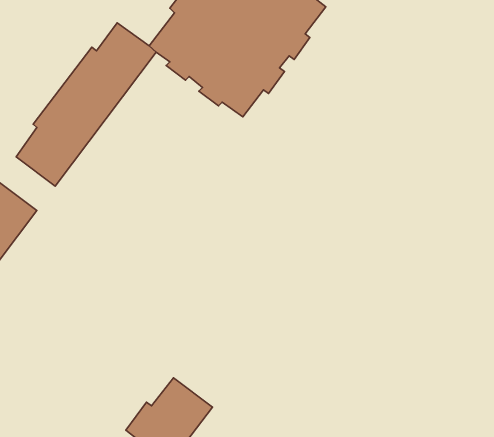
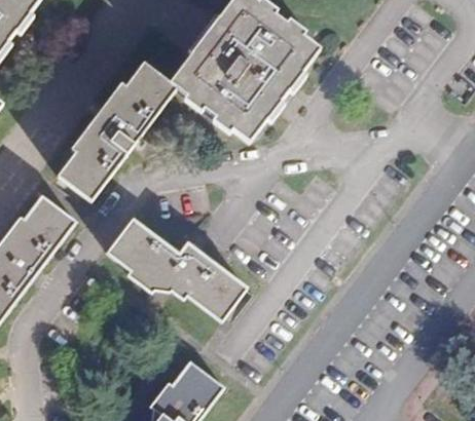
building: none -> [107,218,246,319]

